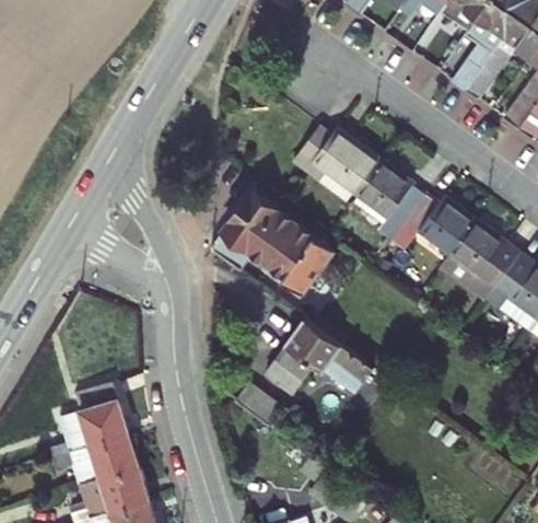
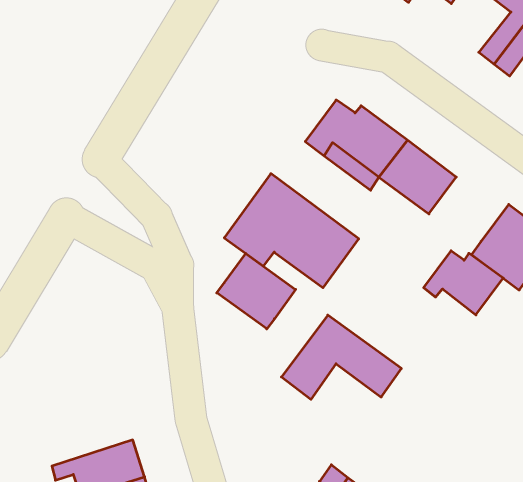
building: [402,195,476,254] -> [424,251,503,315]
building: none -> [217,253,296,329]
building: [238,384,286,428] -> none
building: [52,385,130,461] -> none

